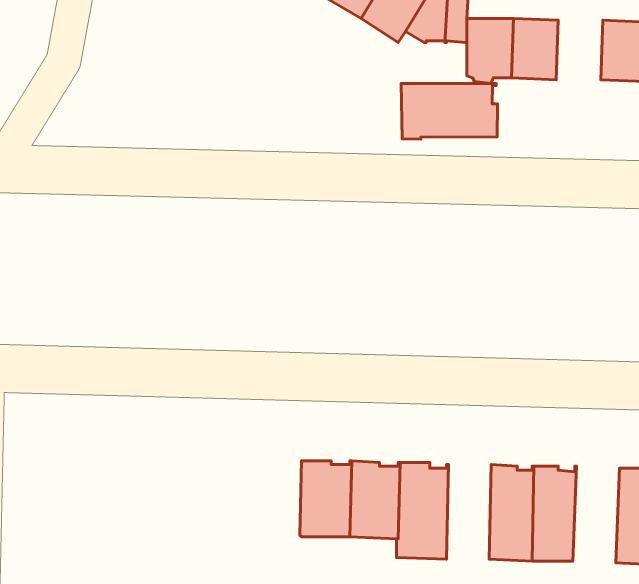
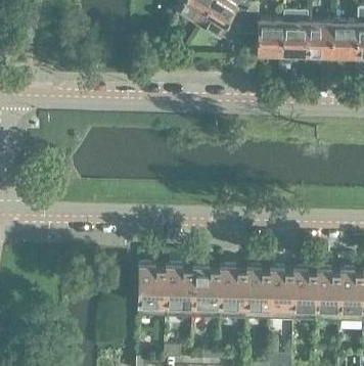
building: none -> [307,24,332,59]
building: [401,83,498,139] -> none
building: none -> [138,265,167,317]
building: none -> [246,268,271,320]
building: none -> [316,269,342,322]

